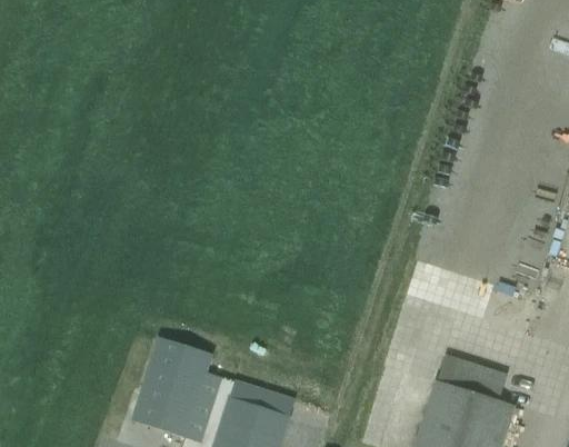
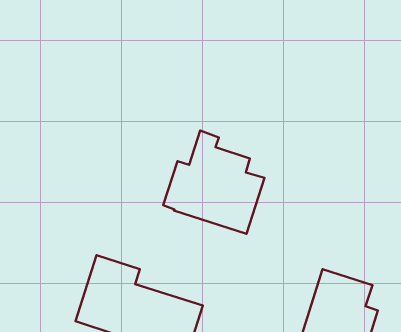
building: none -> [163,131,264,234]

